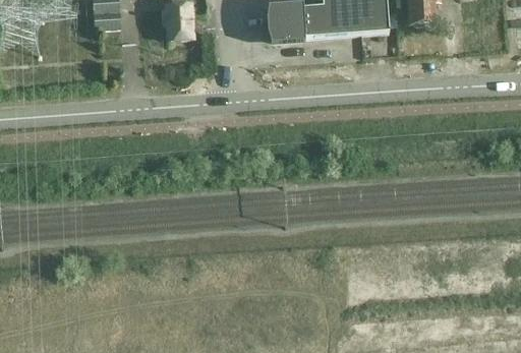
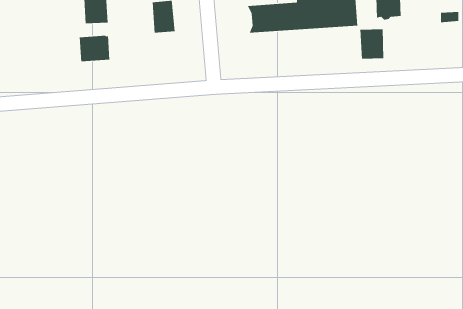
building: none -> [360,28,384,60]
building: none -> [79,35,110,62]

